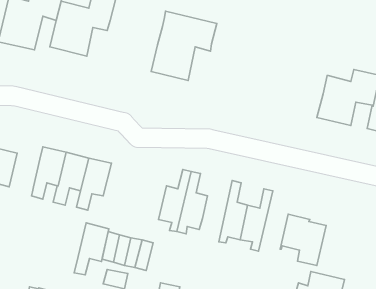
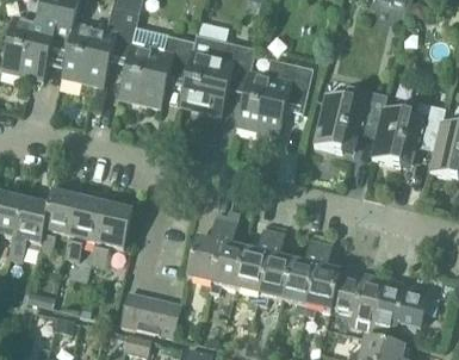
building: none -> [118,33,194,106]
building: none -> [237,58,312,134]
building: none -> [314,87,387,151]
building: none -> [235,228,273,302]
building: none -> [304,242,339,315]
building: [74,223,109,275] -> [8,198,49,259]
building: none -> [372,283,428,335]

